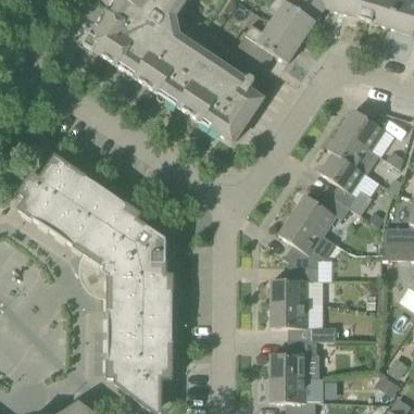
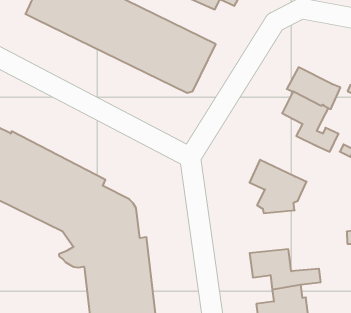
building: [341,110,386,151] -> none
building: [292,193,349,236] -> none
building: [271,267,319,305] -> none

